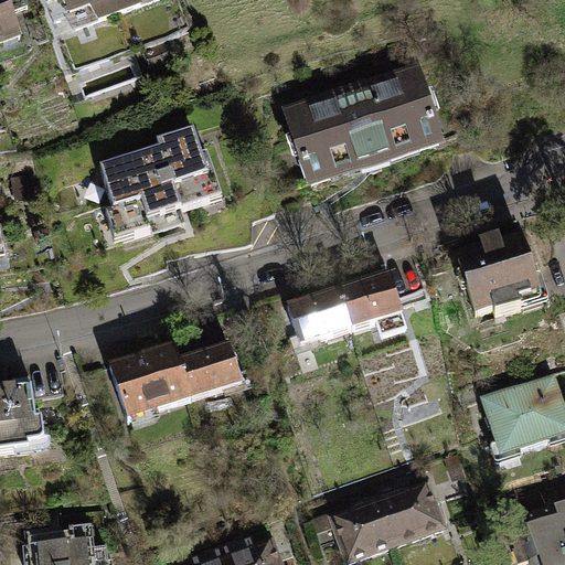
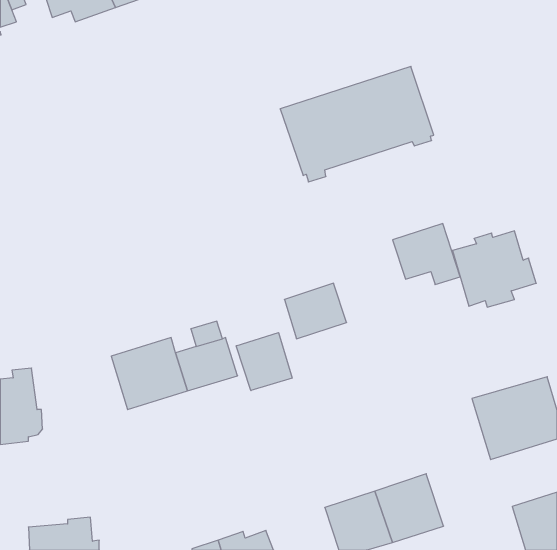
building: [102,125,223,237] -> none
building: [338,270,406,332] -> [393,224,460,285]
building: none -> [236,333,292,391]

